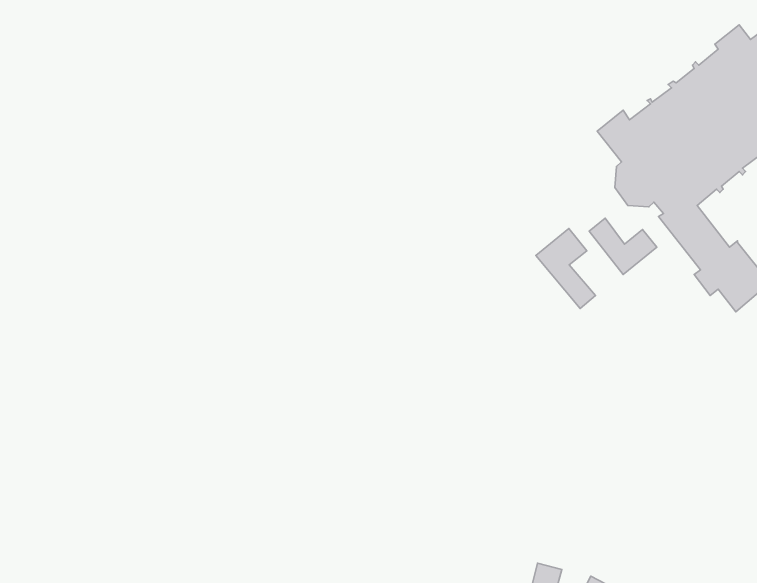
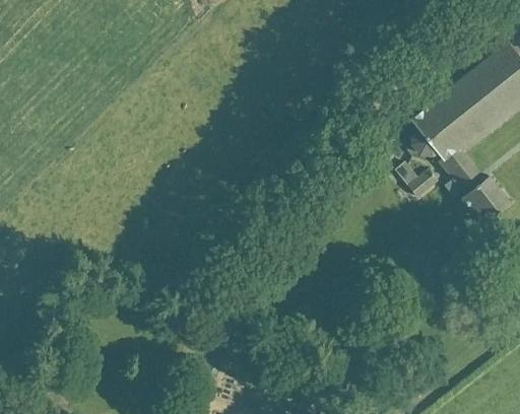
building: [536,229,596,308] -> none

